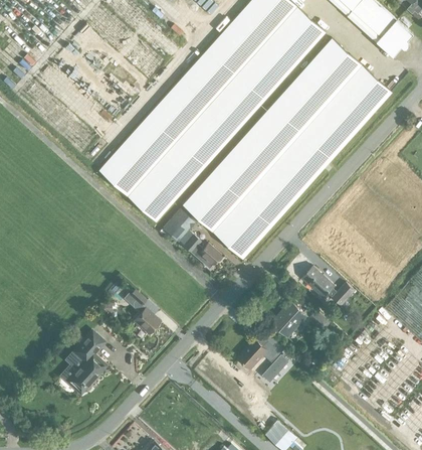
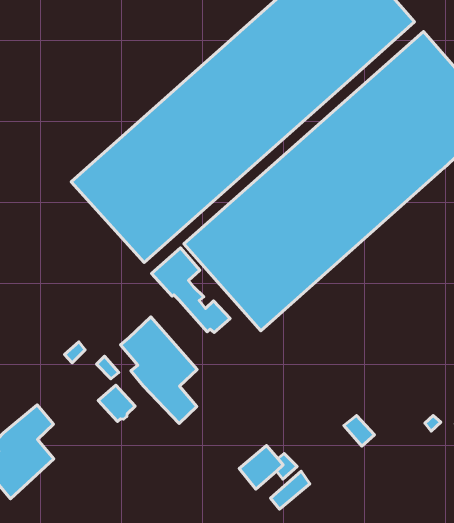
building: none -> [120,317,197,424]
building: [301,266,355,305] -> none
building: [270,301,307,338] -> none

